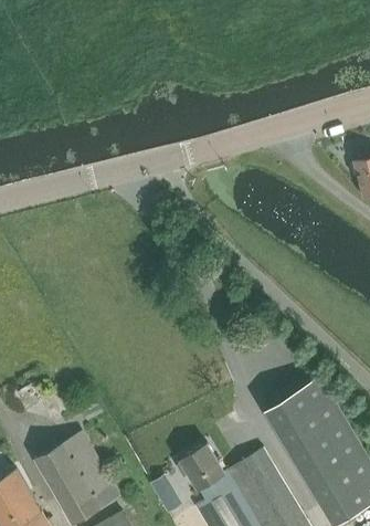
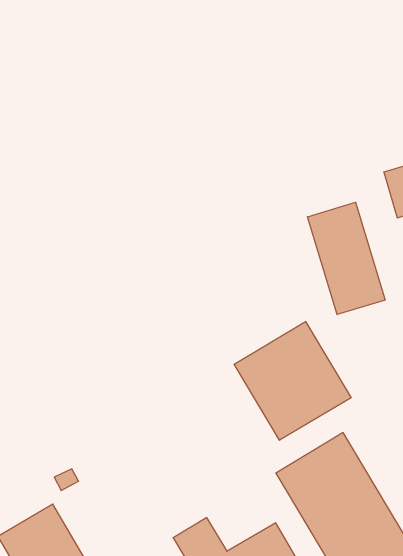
building: none -> [307,202,385,315]
building: none -> [234,322,351,440]

